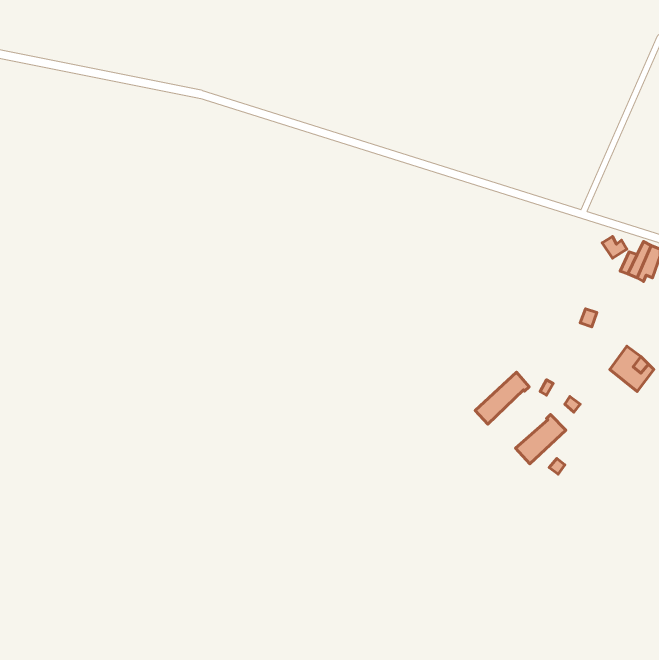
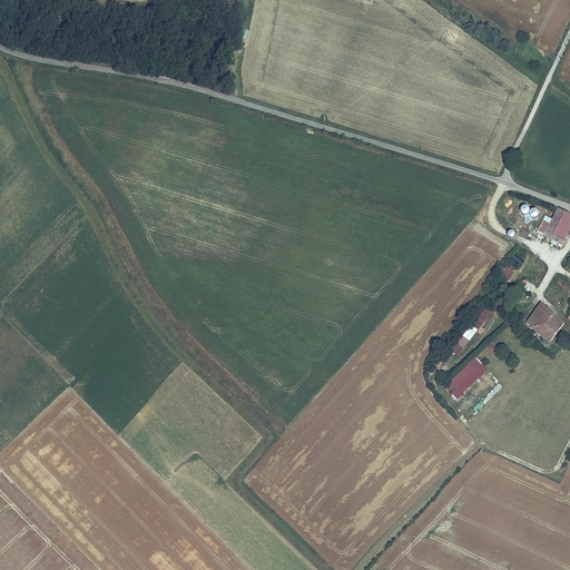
building: [475,372,529,424] -> none

